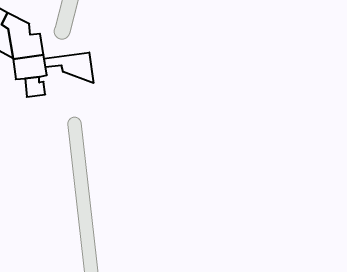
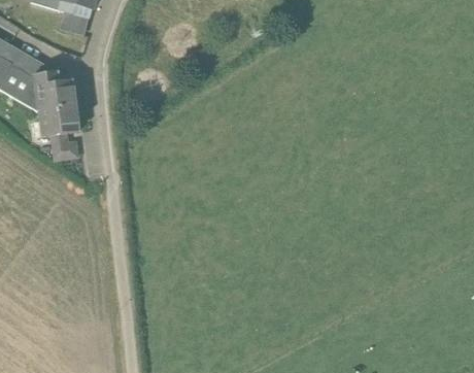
building: [44,52,93,83] -> none

